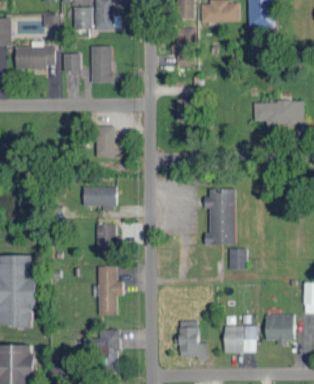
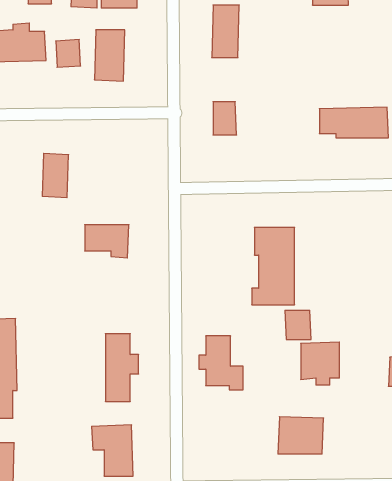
building: [96,126,115,158] -> [42,153,69,198]
building: [97,224,116,258] -> none
building: [266,314,294,345] -> [301,342,339,385]
building: [175,321,207,360] -> [199,336,243,390]

